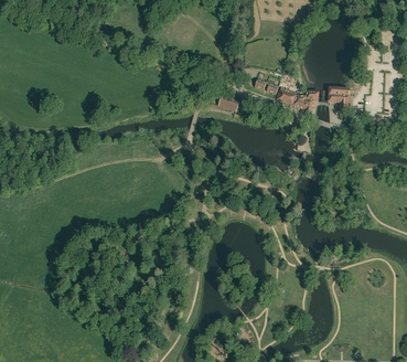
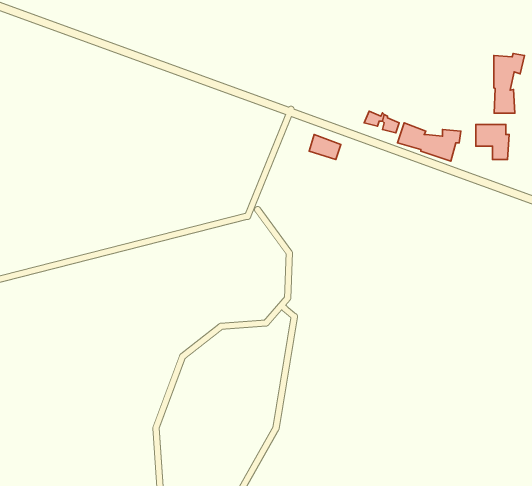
building: none -> [494,53,524,113]

